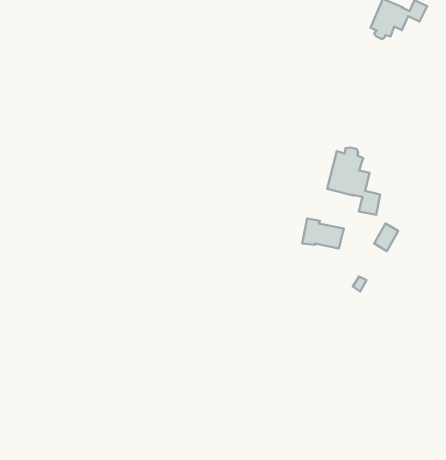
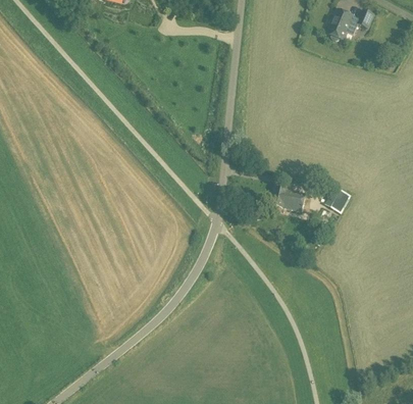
building: [327,148,380,215] -> none

